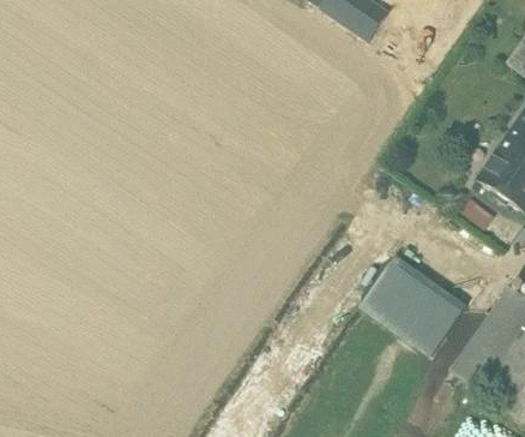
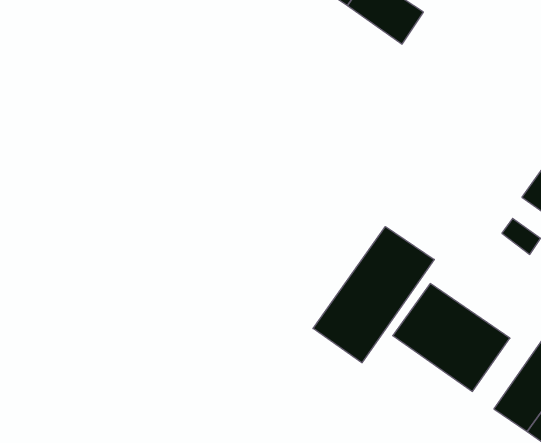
building: none -> [313,227,434,363]

